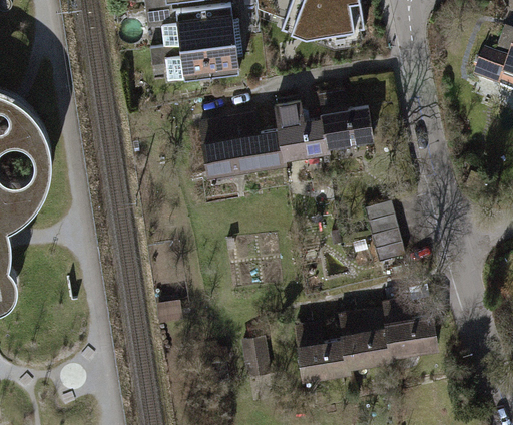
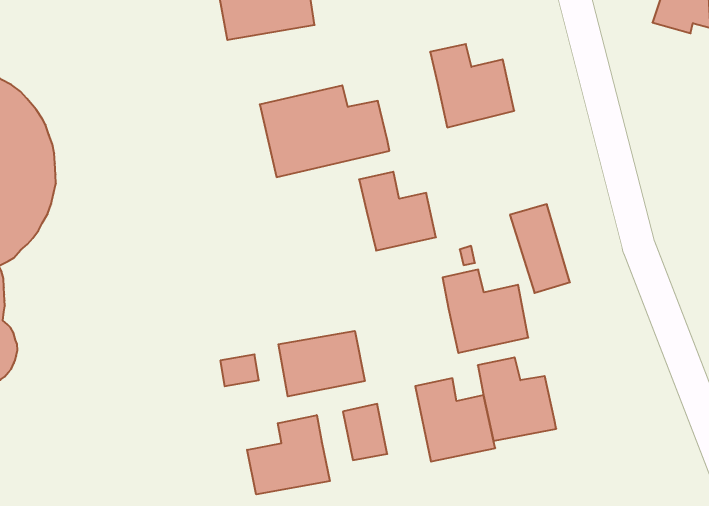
building: [274,102,325,156] -> [359,172,436,251]
building: none -> [278,331,365,396]
building: [380,300,437,357] -> [443,270,528,353]
building: none -> [247,415,330,494]

